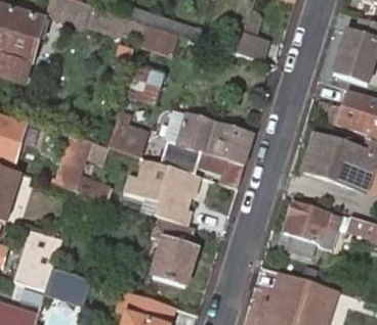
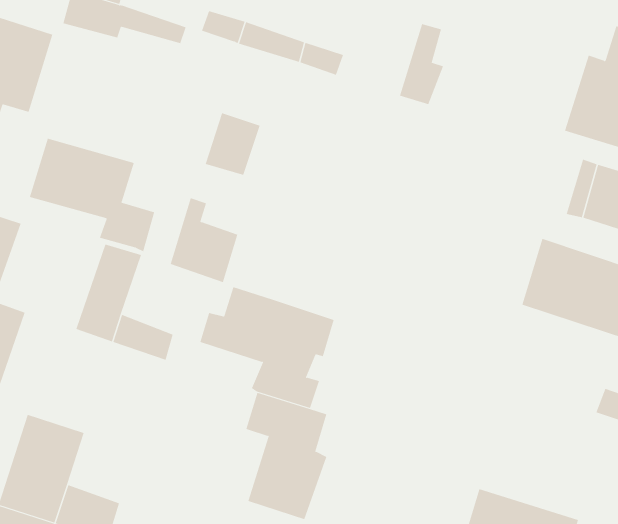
building: none -> [29,138,155,252]
building: [167,114,254,190] -> none
building: [285,198,330,253] -> none

